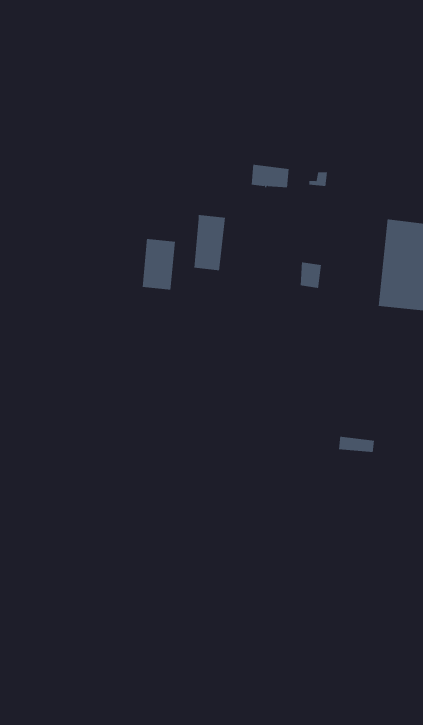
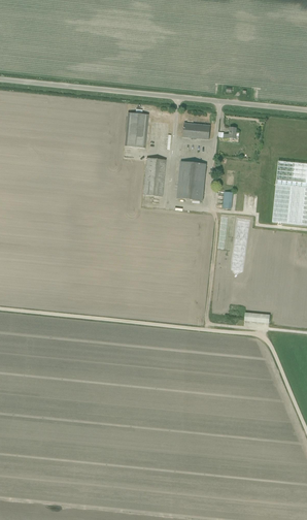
building: none -> [178,161,207,199]
building: [142,238,176,290] -> [126,111,149,148]

